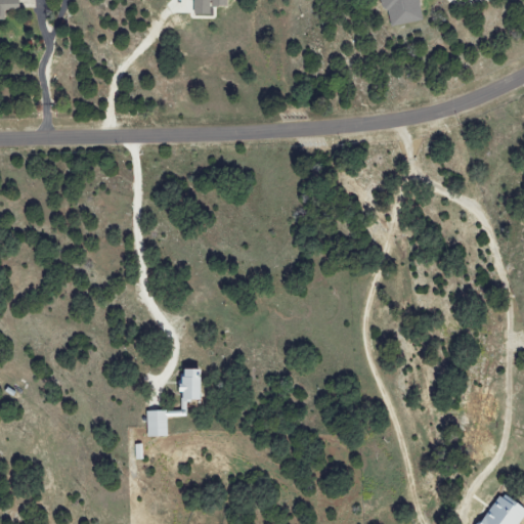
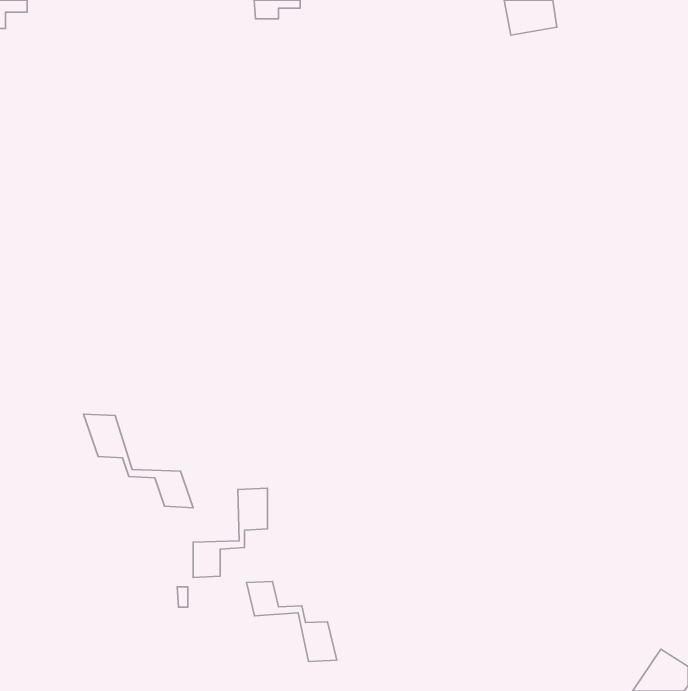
building: none -> [84,414,193,508]
building: none -> [247,581,337,662]

